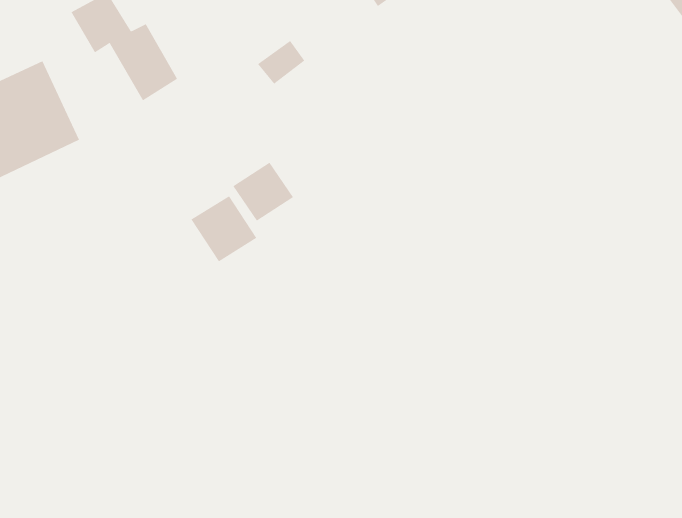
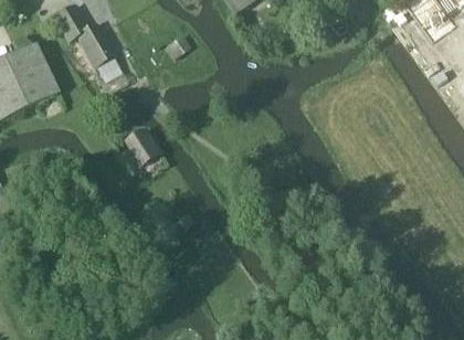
building: [232,162,294,222] -> none

